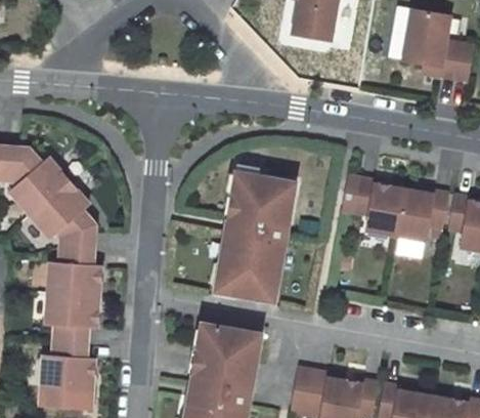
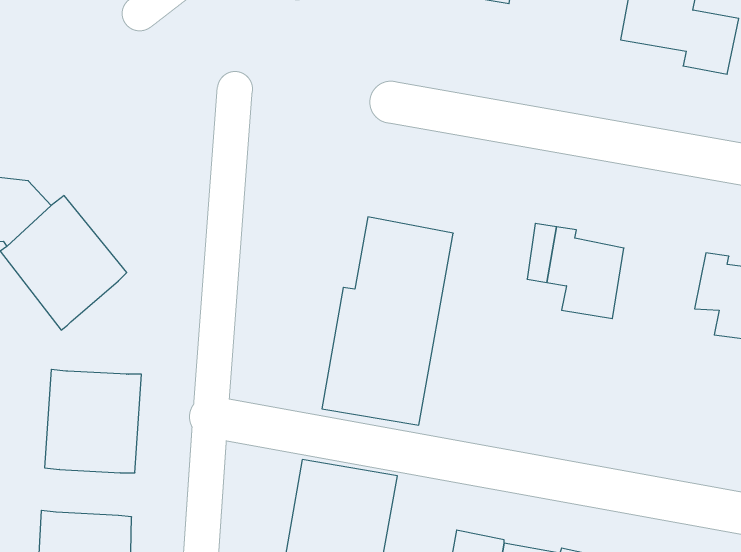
building: [395,191,448,241] -> none
building: [55,211,96,269] -> none
building: [48,329,88,358] -> none

